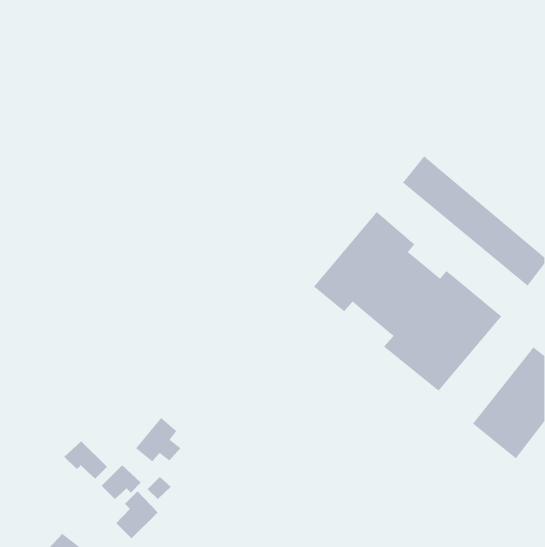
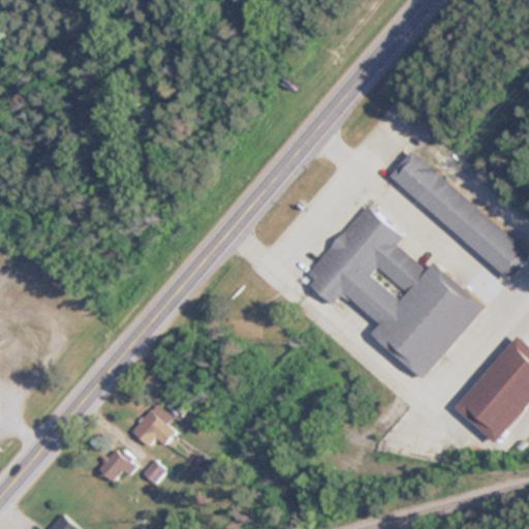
building: [64,440,108,479] -> none
building: [116,490,158,539] -> none

